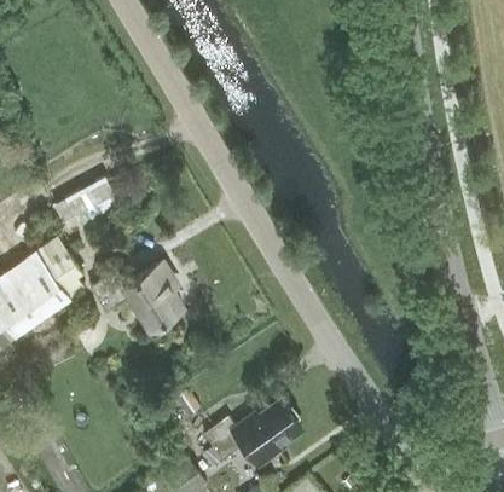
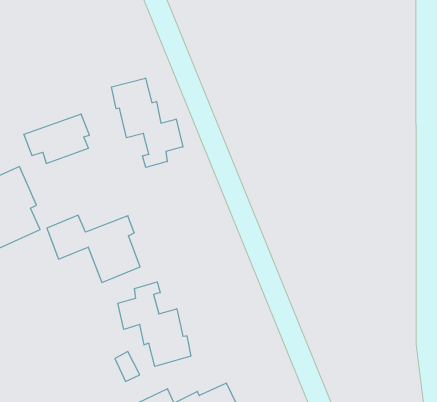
building: none -> [111,78,183,167]
building: none -> [118,282,191,366]

